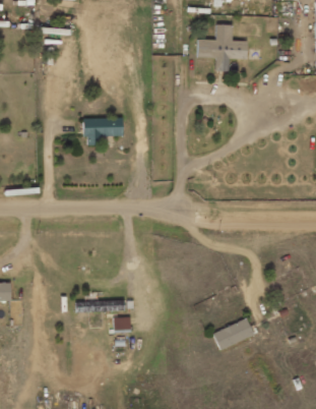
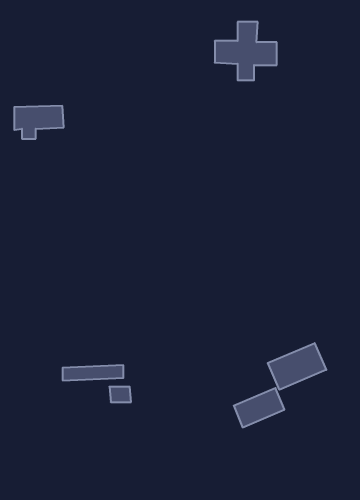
building: [83,118,123,144] -> [14,106,64,139]
building: none -> [268,343,326,390]

